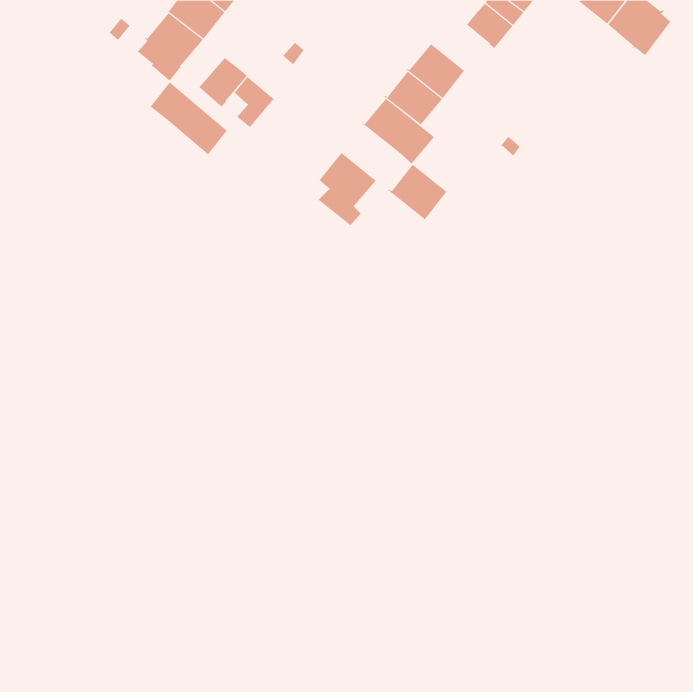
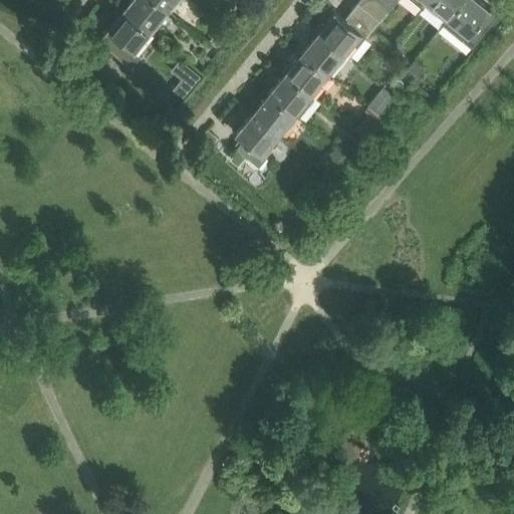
building: none -> [317,11,362,54]
building: [198,57,248,107] -> none
building: [150,82,228,157] -> none
building: [387,165,447,220] -> [251,94,295,136]

